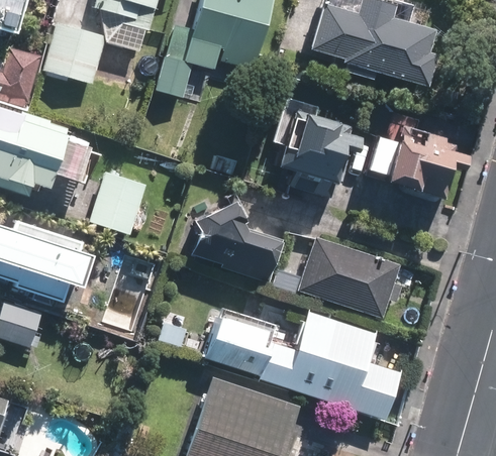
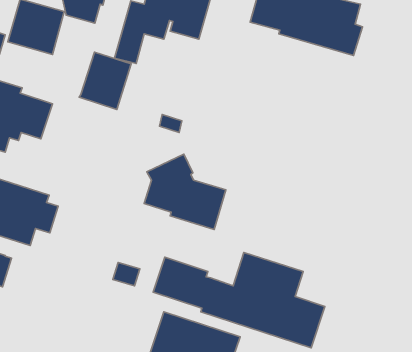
building: [271,109,353,201] -> none
building: [386,127,468,202] -> none
building: [89,168,147,233] -> [79,52,131,110]
building: [298,235,403,318] -> none

